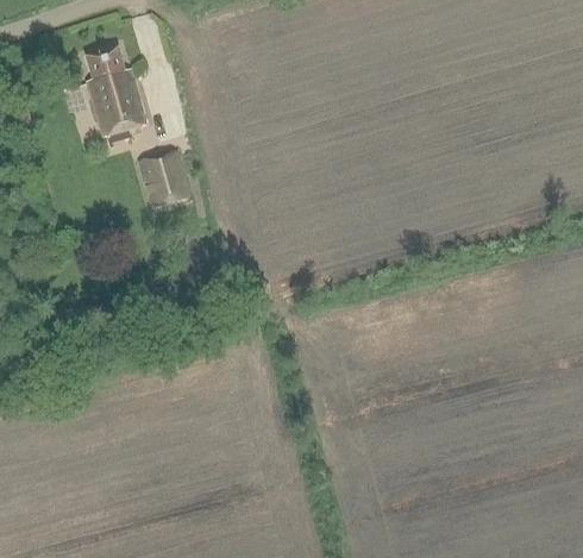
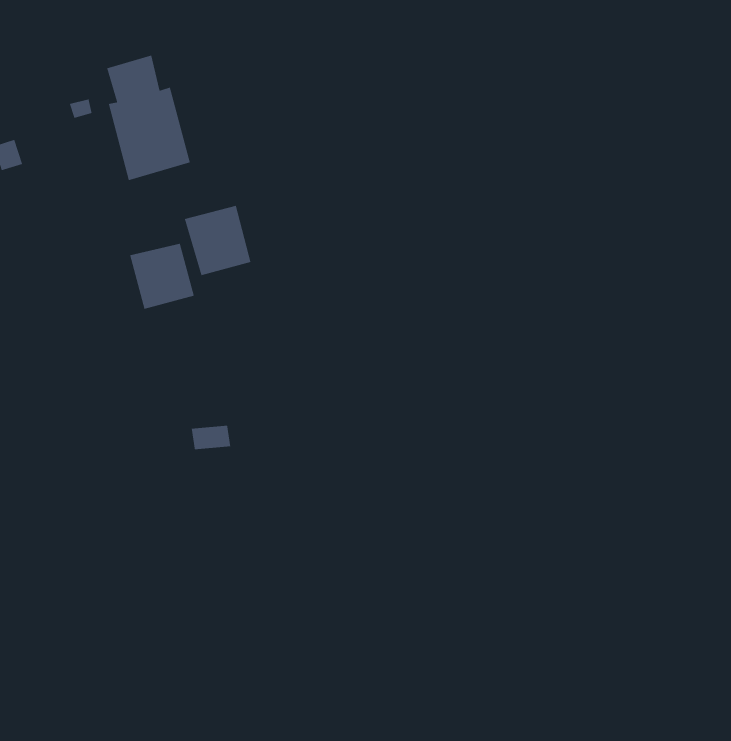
building: none -> [129,243,195,310]

